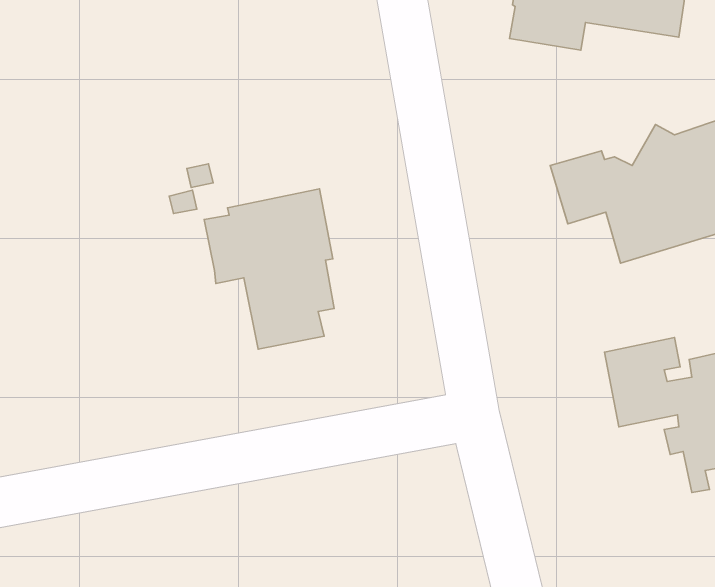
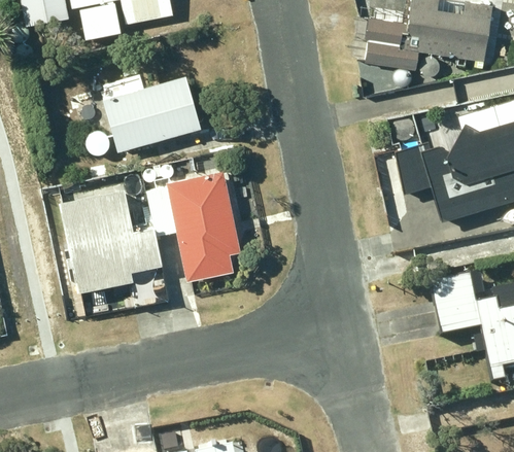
building: none -> [102,75,201,152]
building: none -> [58,188,163,292]

